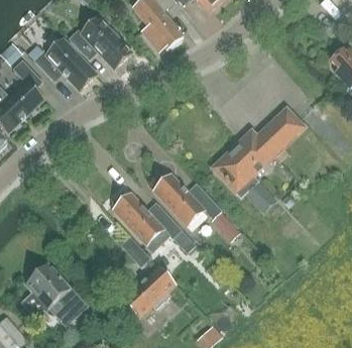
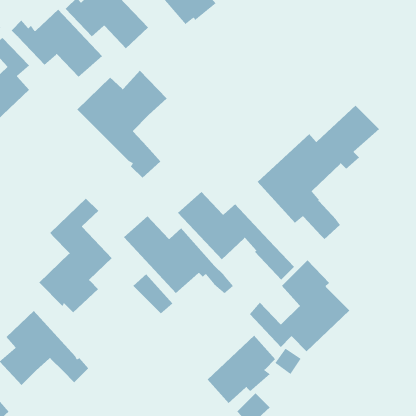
building: none -> [76,70,168,178]
building: none -> [39,198,112,313]
building: none -> [249,259,350,352]
building: [122,266,173,318] -> [207,335,276,404]

